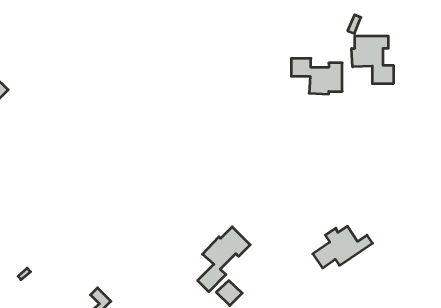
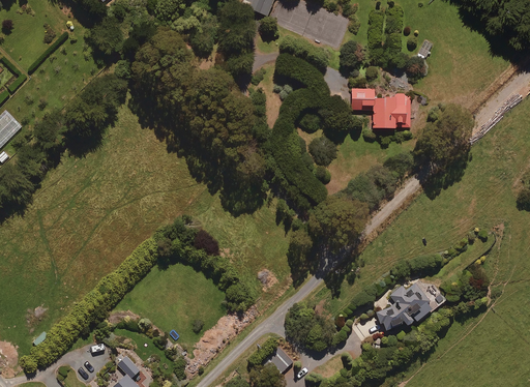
building: [352,36,393,84] -> none
building: [198,227,250,292] -> none

